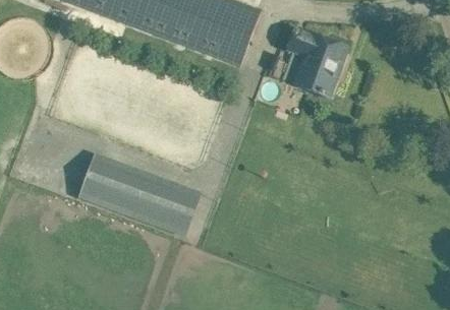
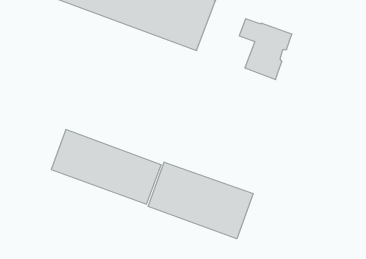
building: none -> [148,162,253,239]

